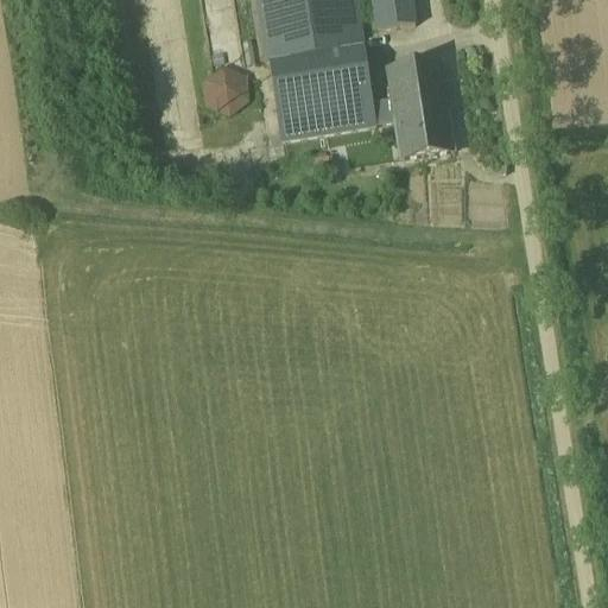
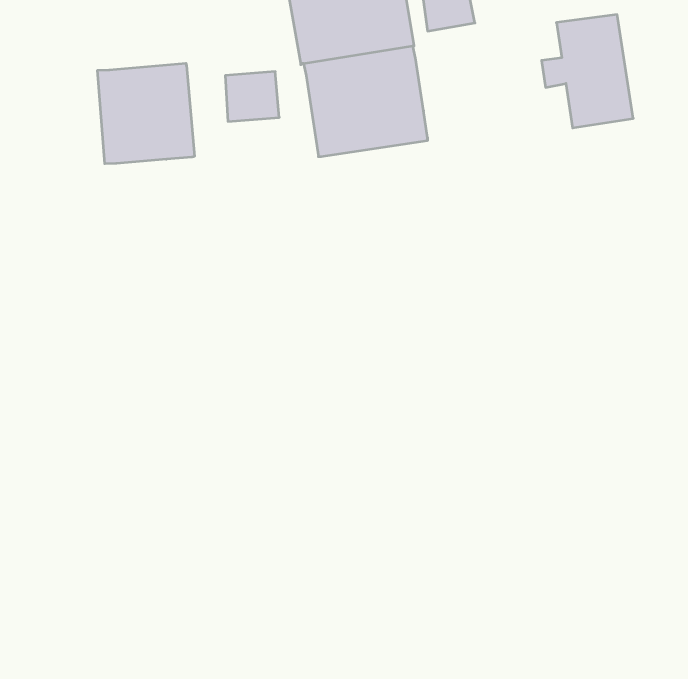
building: none -> [98,63,194,164]
building: [374,57,455,157] -> [542,15,633,128]

